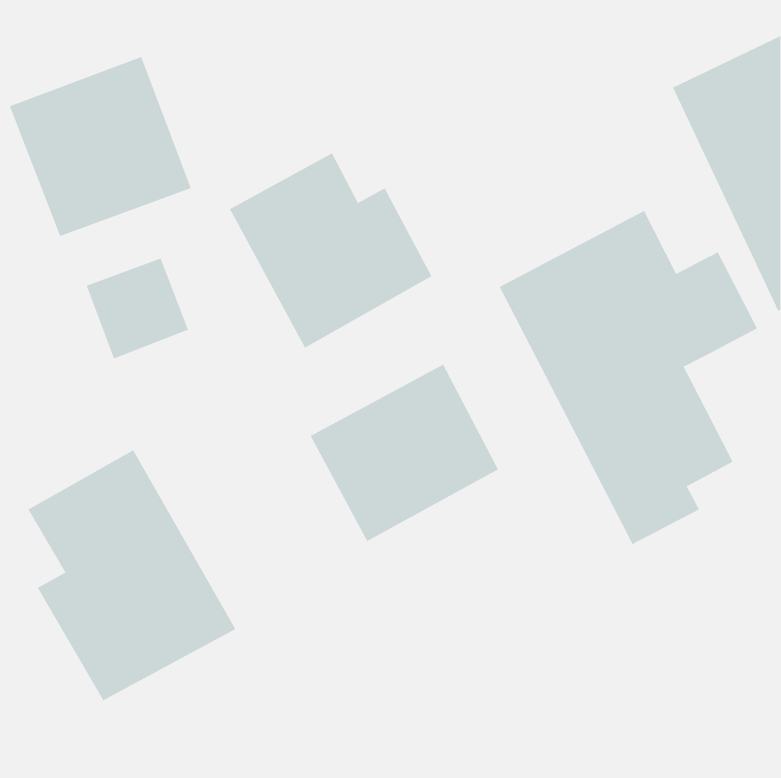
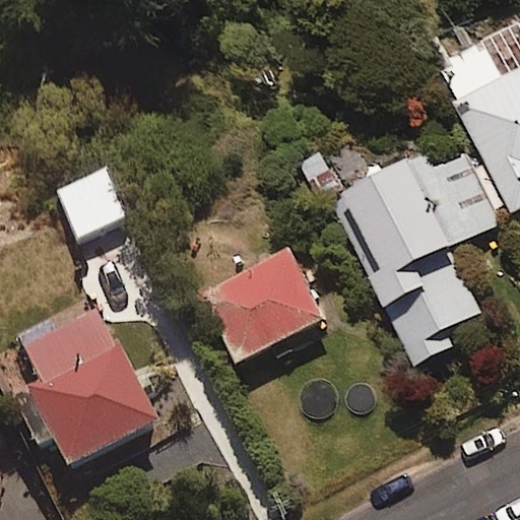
building: [9,56,192,237] -> none
building: [229,153,432,349] -> none

